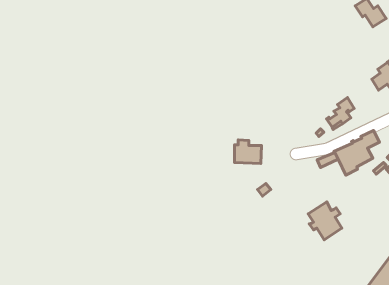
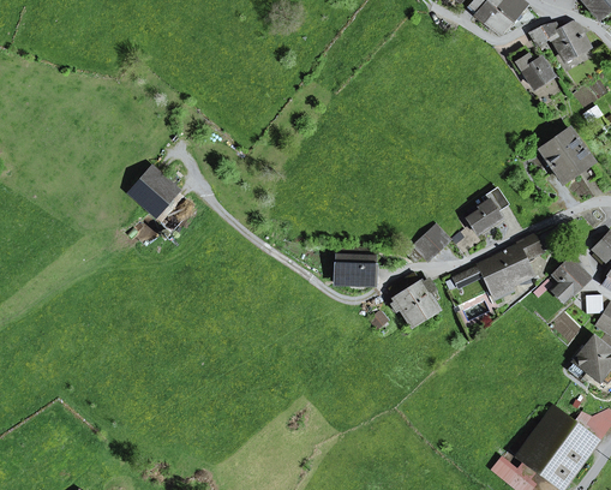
building: none -> [131,168,178,215]
building: none -> [414,225,450,261]
building: [308,202,342,240] -> [389,273,437,327]

